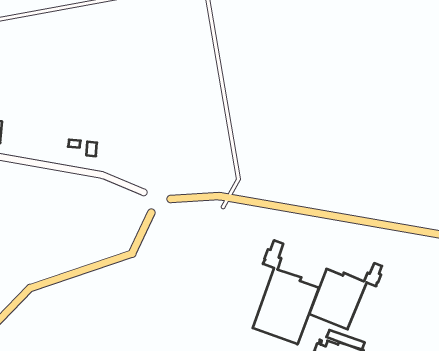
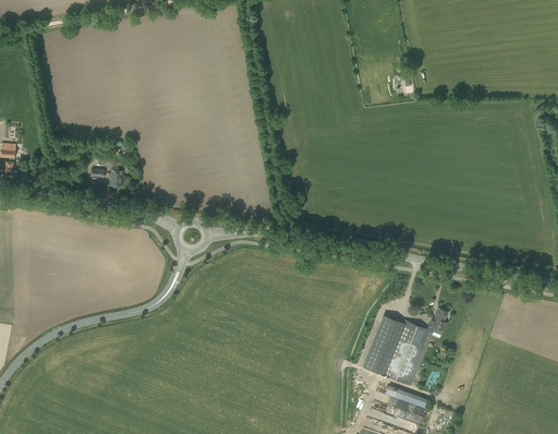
building: [253,240,319,344] -> none

